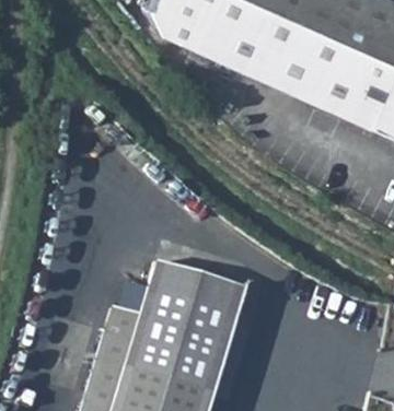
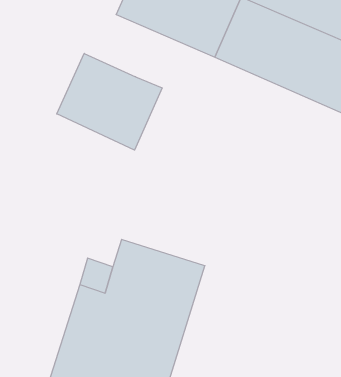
building: none -> [57,53,162,150]

